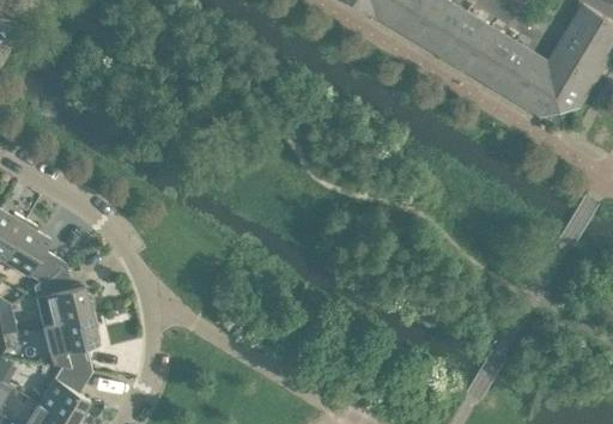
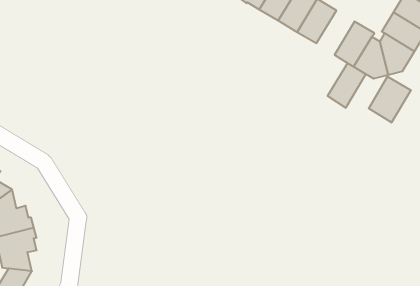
building: [466,28,516,86] -> [328,63,366,108]
building: none -> [369,76,411,123]

